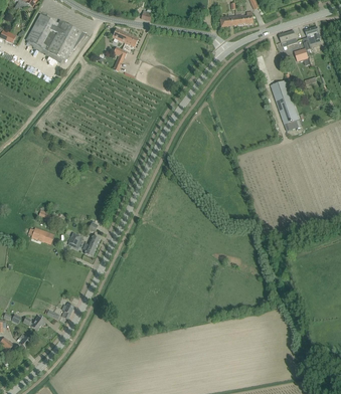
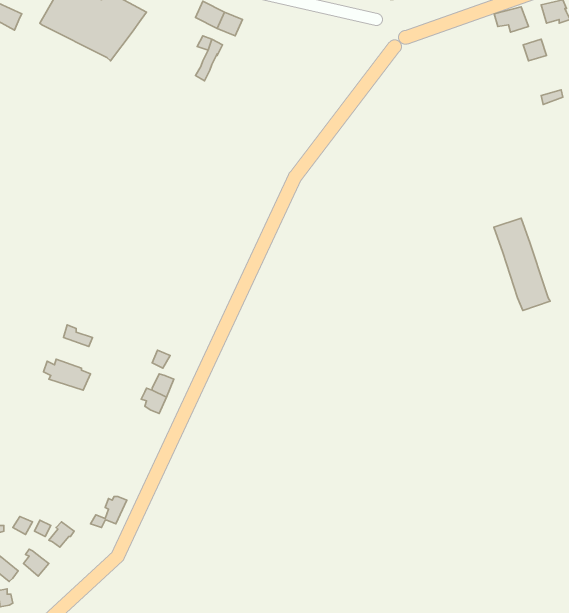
building: [271,80,302,132] -> [494,218,550,310]

